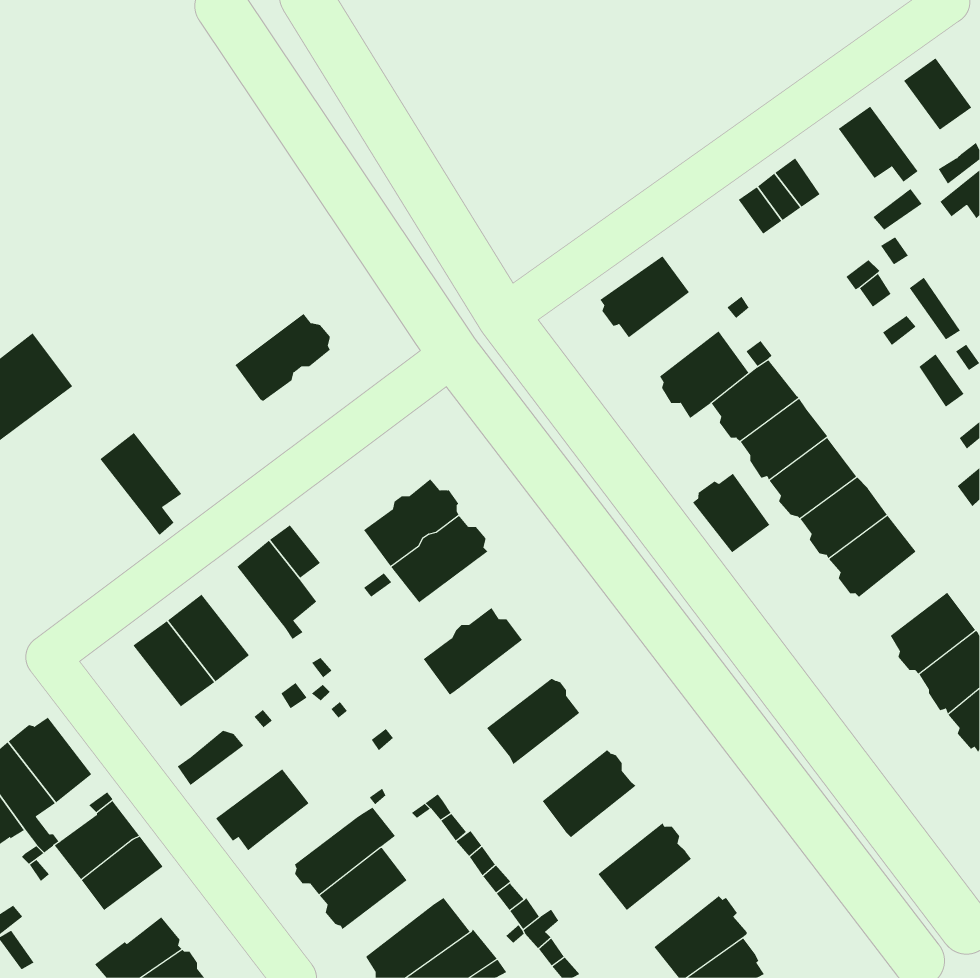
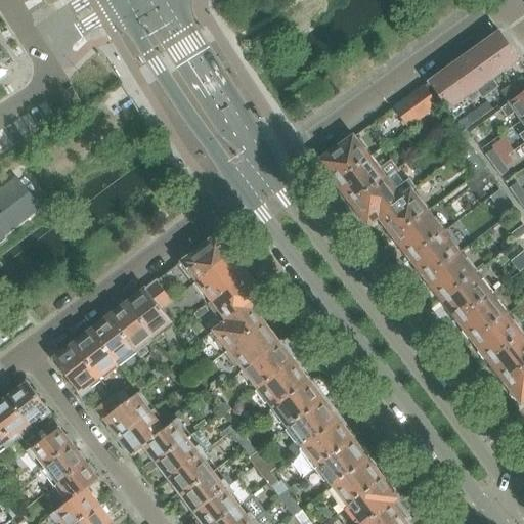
building: none -> [464,43,500,91]
building: none -> [429,69,466,117]
building: none -> [335,156,383,201]
building: [235,313,331,402] -> [178,235,229,282]
building: [100,432,182,536] -> [107,302,151,357]
building: [692,473,770,553] -> none
building: none -> [210,294,264,351]
building: none -> [457,294,505,339]
building: none -> [244,341,294,388]
building: none -> [54,344,99,393]
building: none -> [273,380,323,427]
building: none -> [101,392,150,436]
building: none -> [142,419,190,461]
building: none -> [293,419,353,473]
building: none -> [334,457,383,505]
building: none -> [55,462,96,503]
building: none -> [182,469,230,510]

